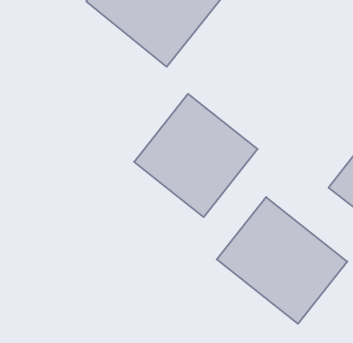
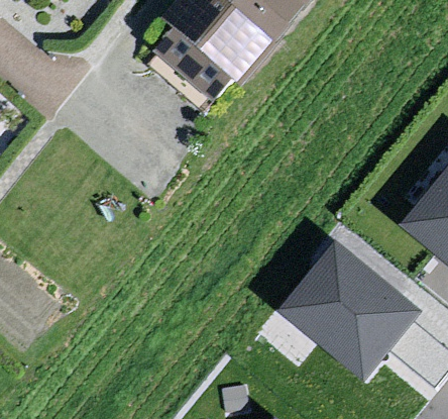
building: [134,94,258,217] -> none

